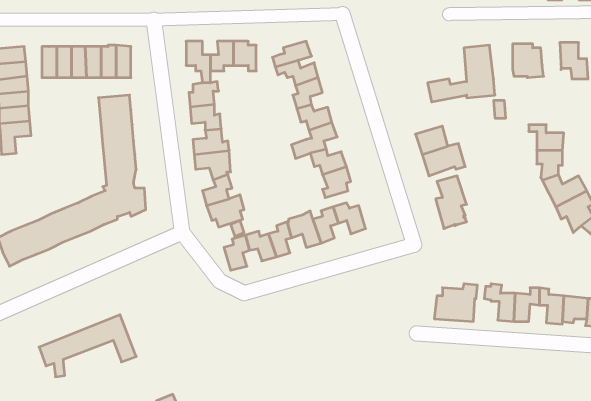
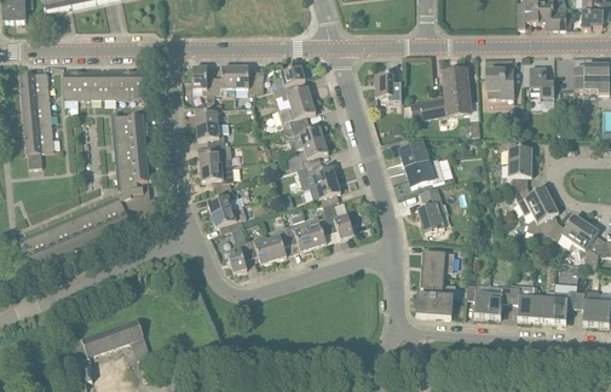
building: none -> [374,70,400,99]
building: none -> [420,249,453,287]

